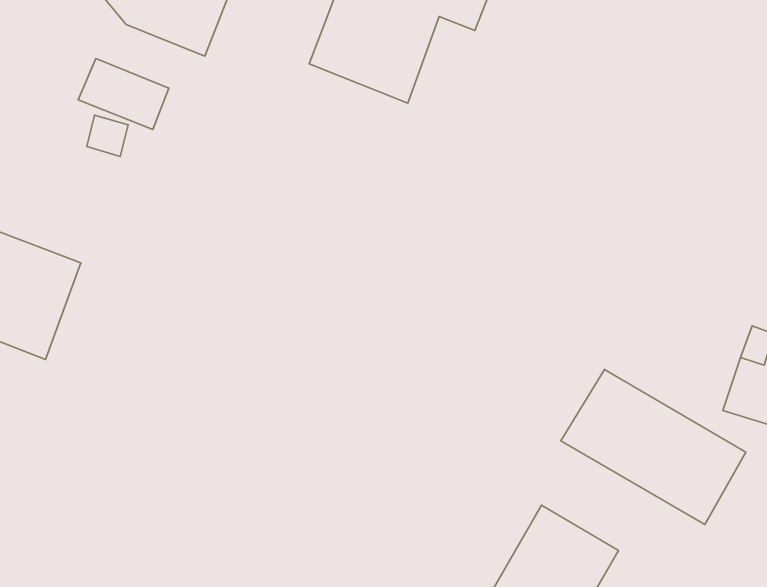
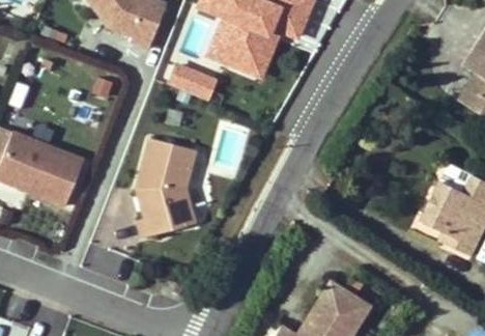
building: [78,59,169,130] -> [165,60,212,97]
building: none -> [136,141,196,236]
building: [561,369,746,524] -> none

